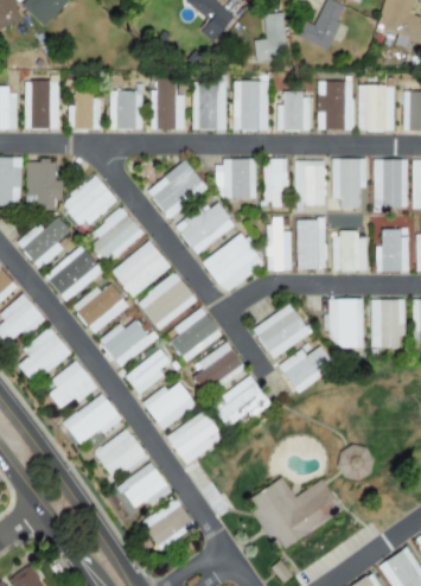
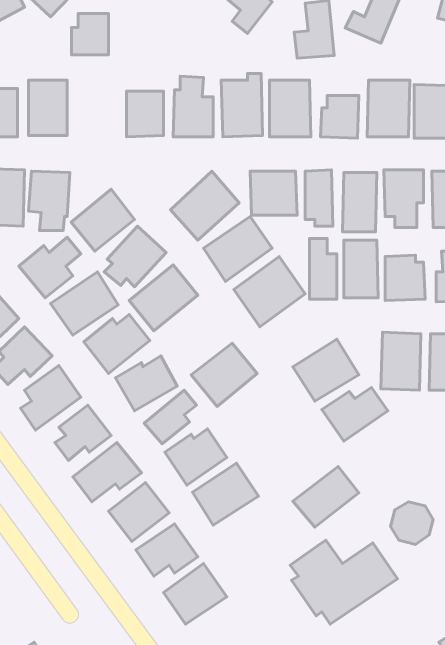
building: [69,93,101,128] -> [71,14,109,55]
building: [139,273,198,329] -> none
building: [193,342,243,391] -> none
building: [211,375,268,427] -> [293,467,359,527]

